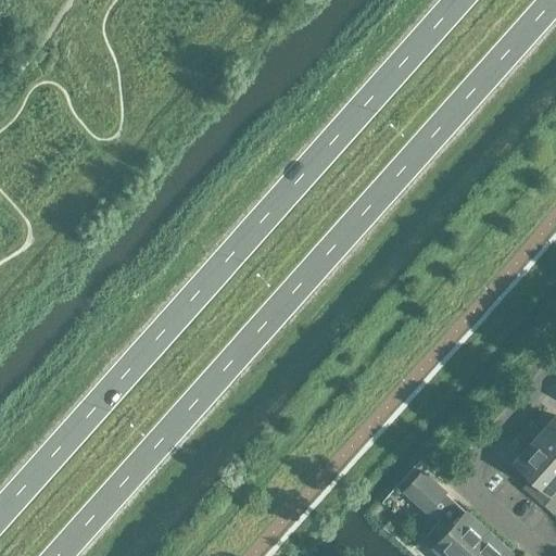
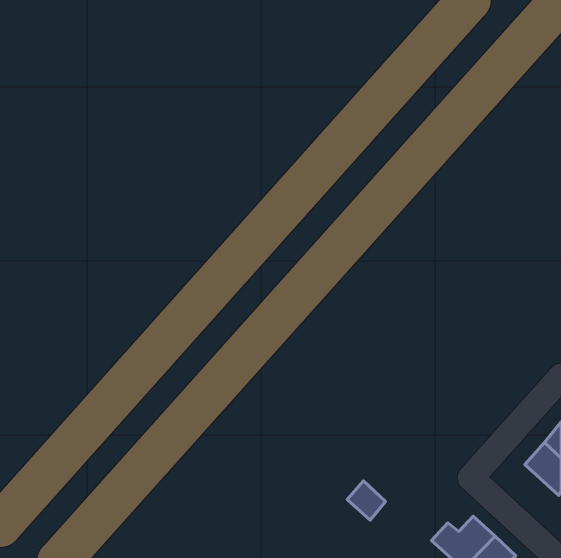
building: [407,473,445,513] -> [347,481,386,520]

